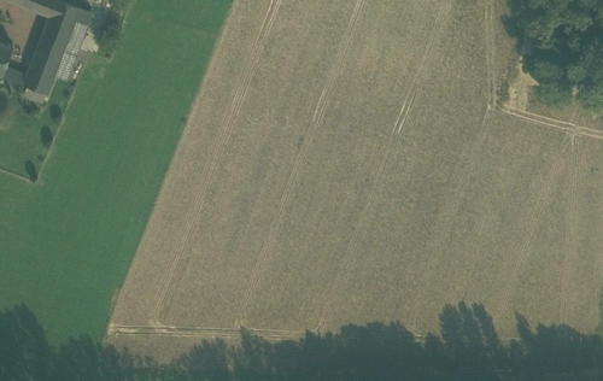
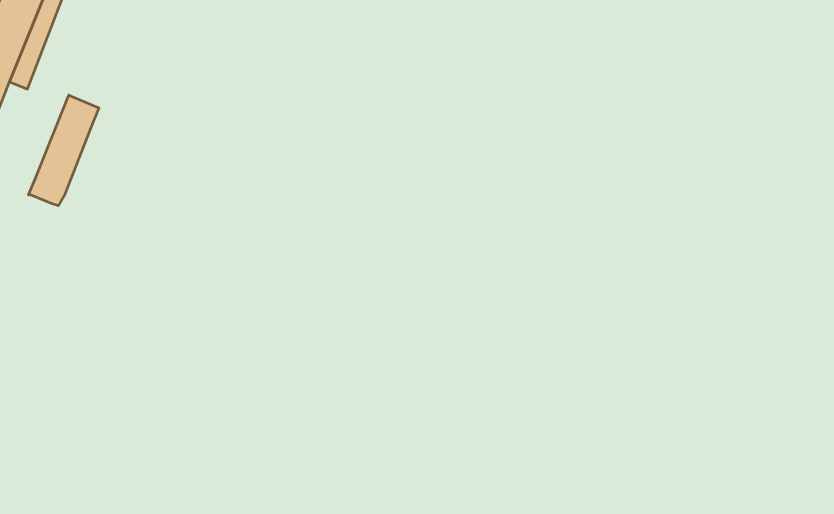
building: none -> [29,95,99,206]

